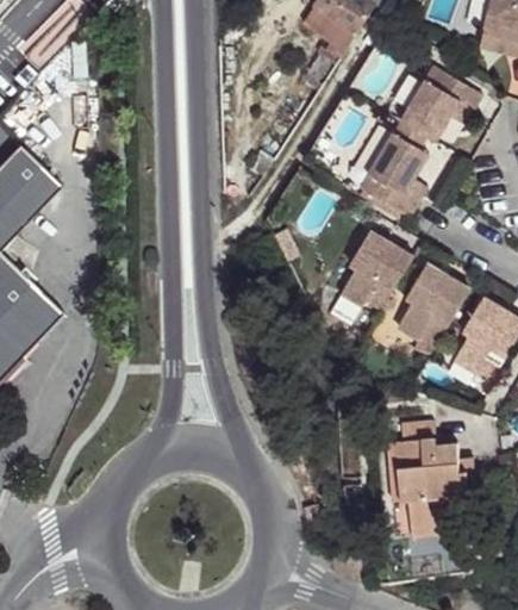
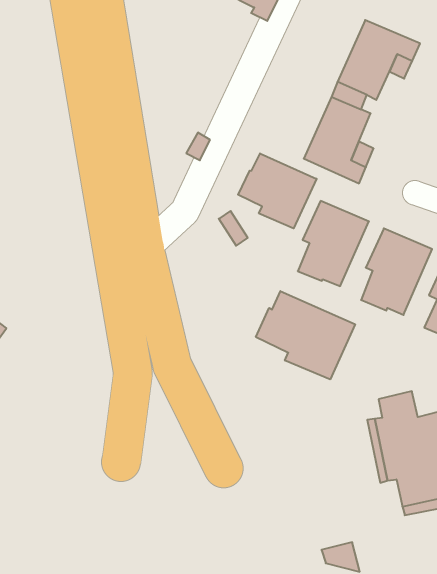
building: none -> [238,153,317,228]
building: none -> [256,291,355,379]

